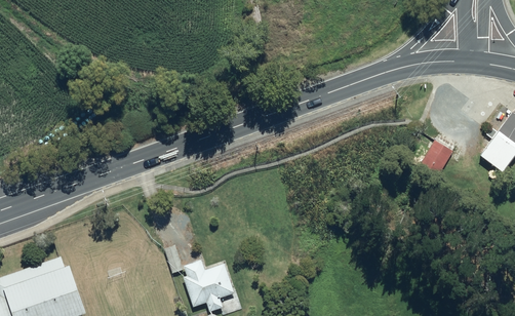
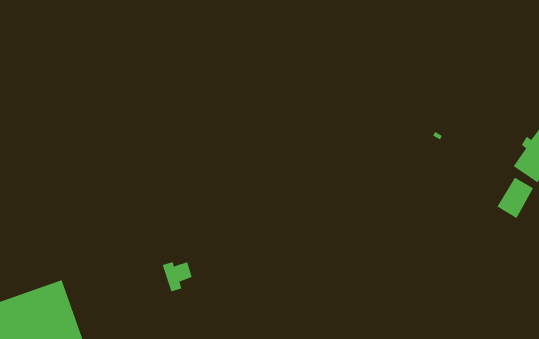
building: [418,139,451,176] -> [496,177,534,219]
building: [181,258,233,310] -> none

